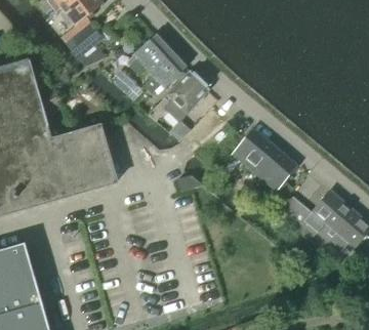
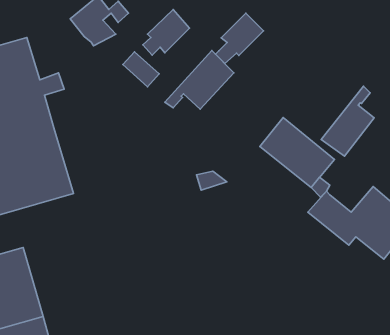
building: [143,50,186,94] -> [215,13,263,64]
building: none -> [321,86,374,156]
building: [51,125,116,195] -> none

